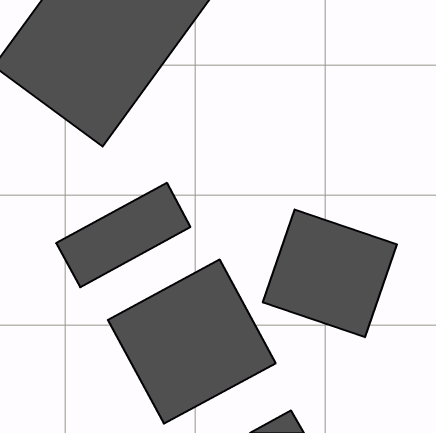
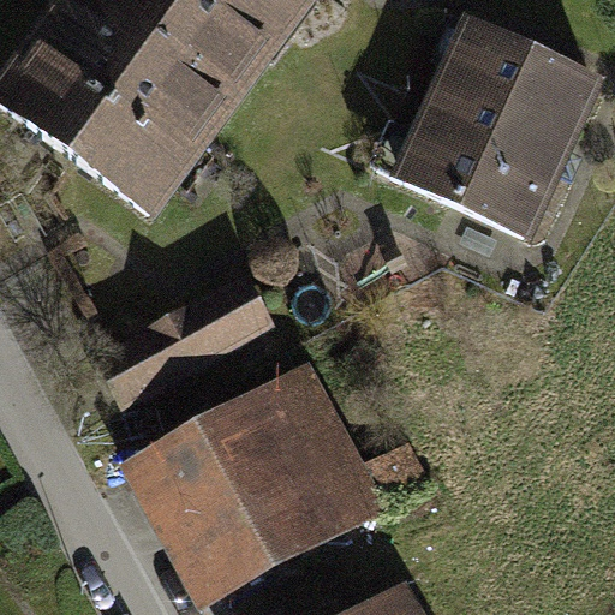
building: none -> [399,43,603,265]
building: [263,209,397,337] -> none

